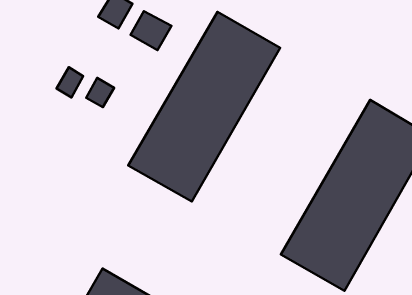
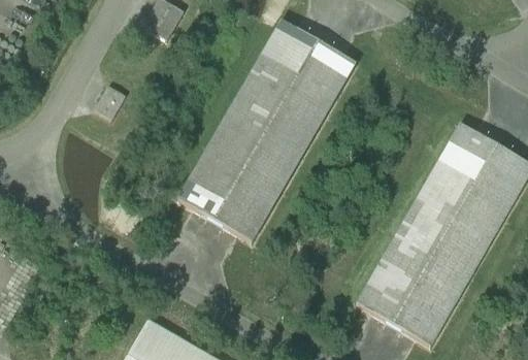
building: [131,11,171,50] -> none
building: [86,78,114,107] -> none

